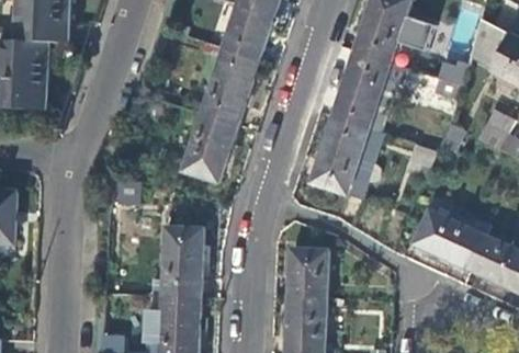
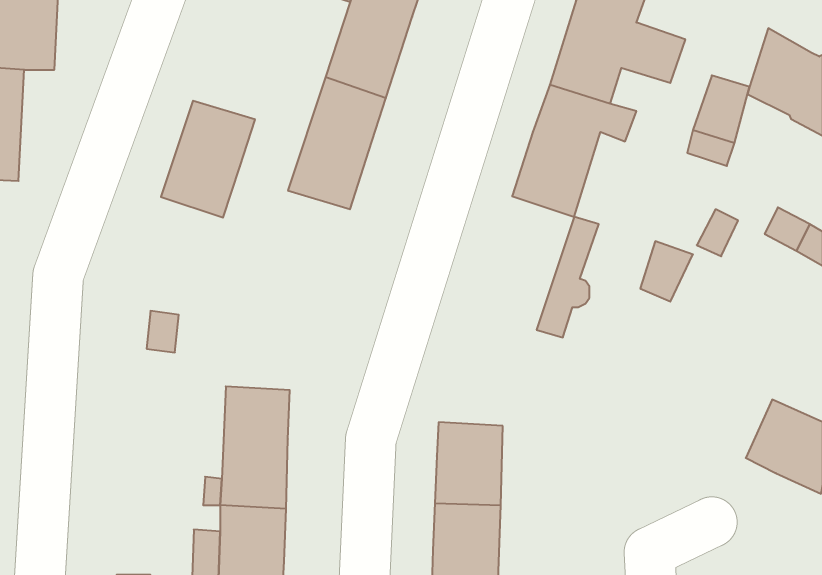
building: [182,113,237,181] -> [161,101,255,218]
building: [311,116,368,194] -> none
building: [414,209,488,269] -> none

